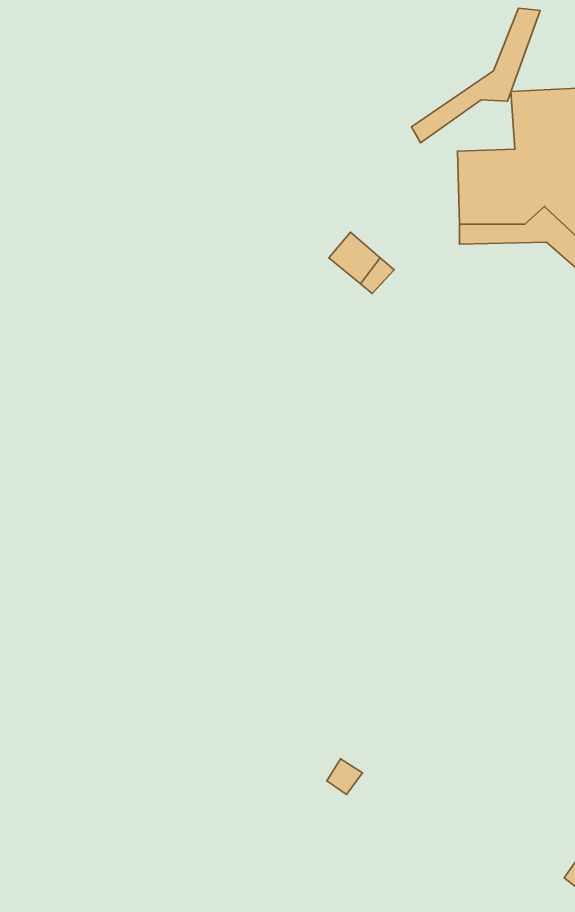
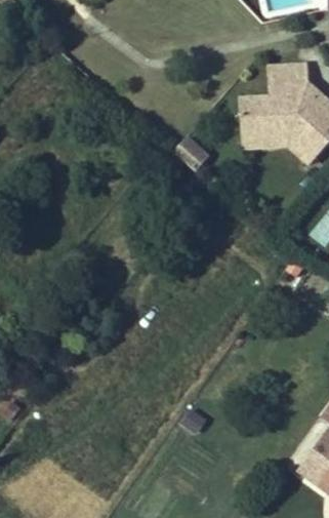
building: [412,8,540,143] -> none

